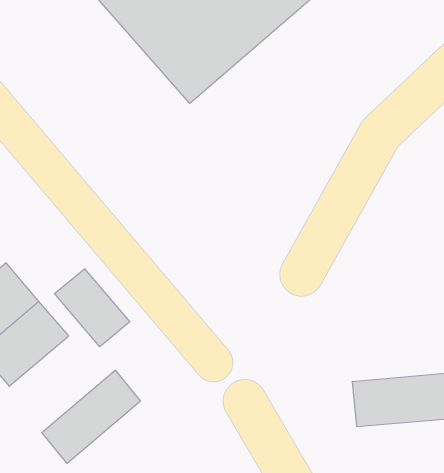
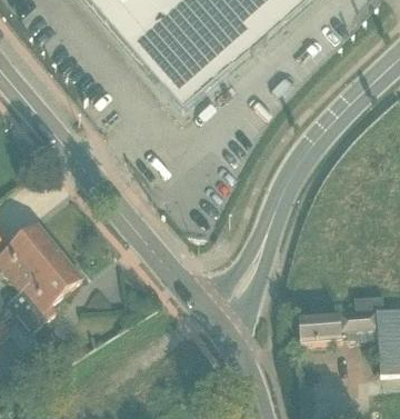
building: [55,269,130,347] -> none
building: [42,370,141,463] -> none

